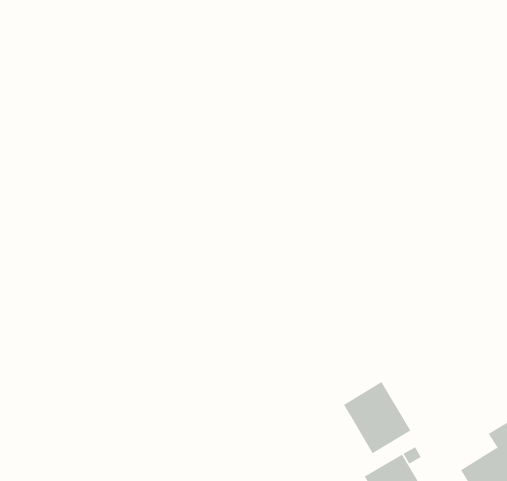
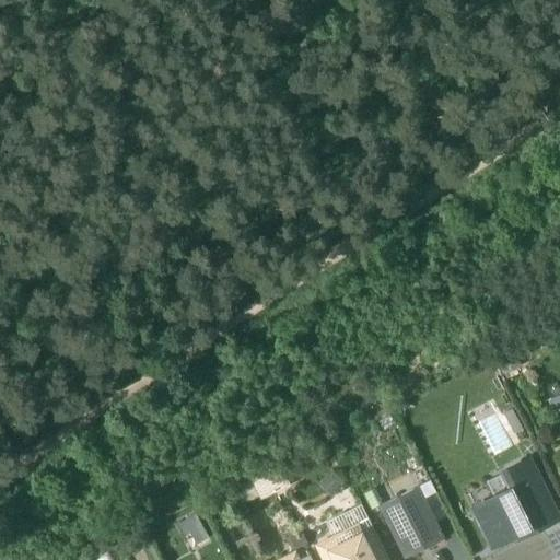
building: [343,381,411,454] -> none

